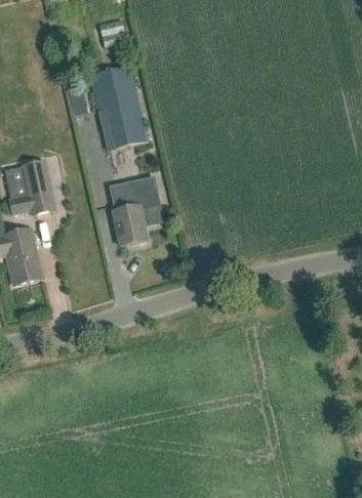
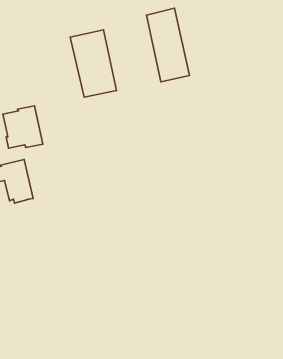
building: none -> [147,8,190,82]
building: [110,177,162,245] -> none

